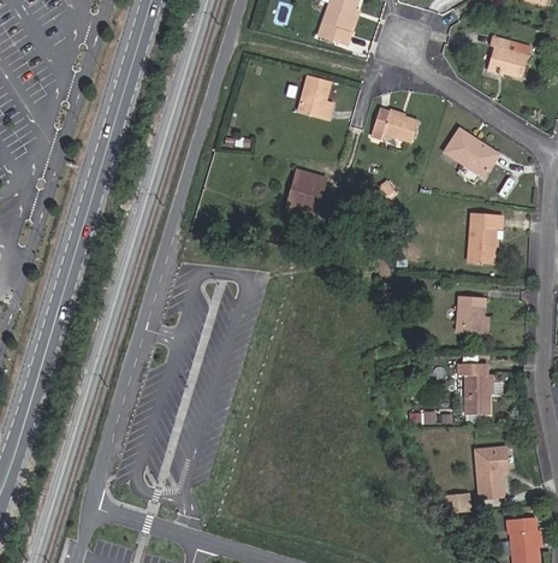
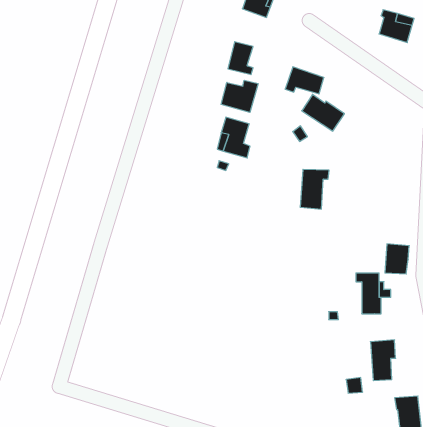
building: none -> [221,80,258,112]
building: [445,130,498,176] -> [302,94,344,131]
building: [468,214,504,263] -> [300,169,329,209]
building: [456,295,486,332] -> [385,244,409,274]

